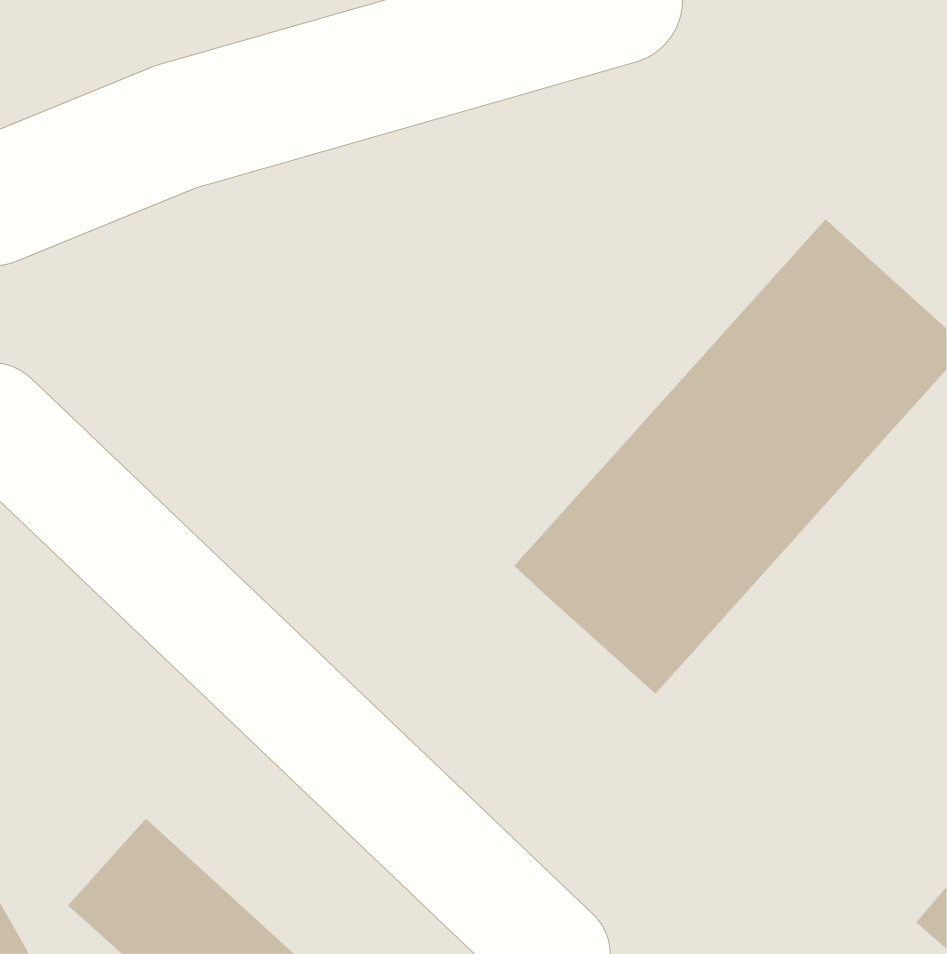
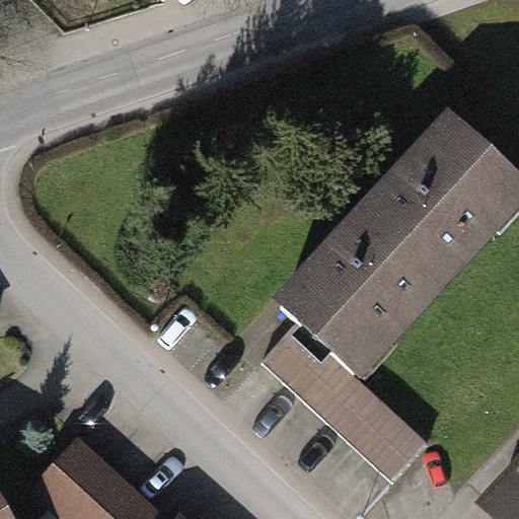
building: none -> [263,322,426,475]

